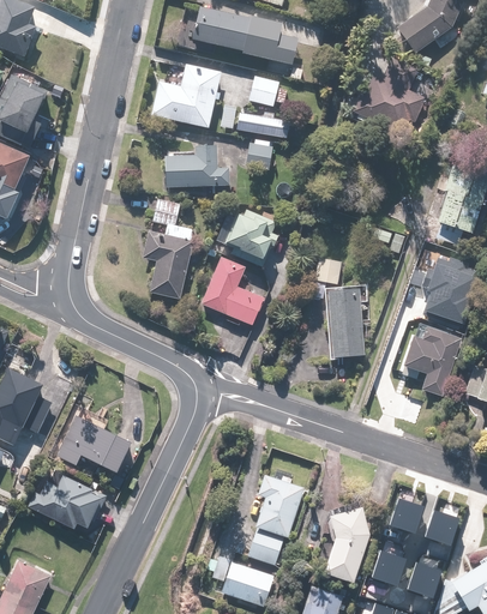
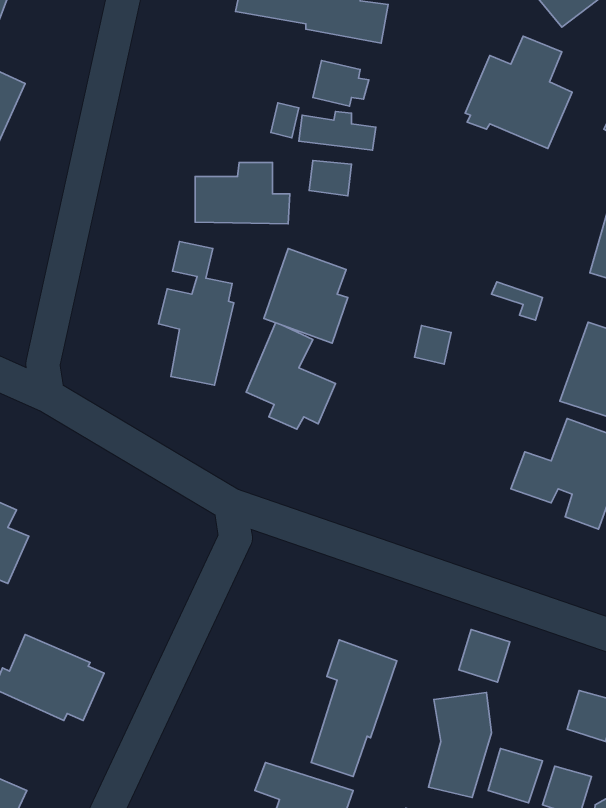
building: [152,65,220,128] -> none
building: [324,288,365,359] -> none
building: [55,414,133,471] -> none
building: [385,495,420,531] -> [459,629,510,682]

